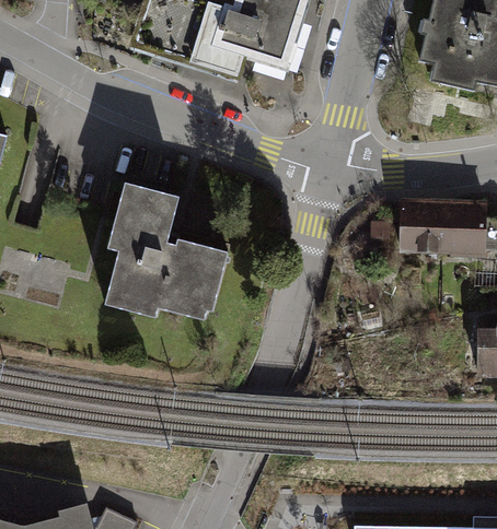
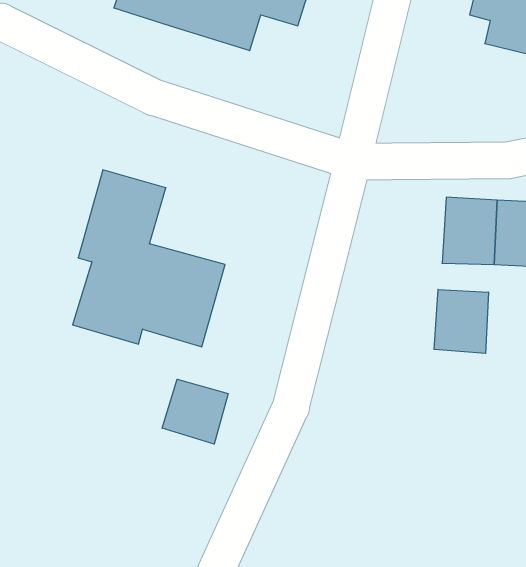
building: none -> [434,289,488,353]
building: none -> [162,379,228,444]

